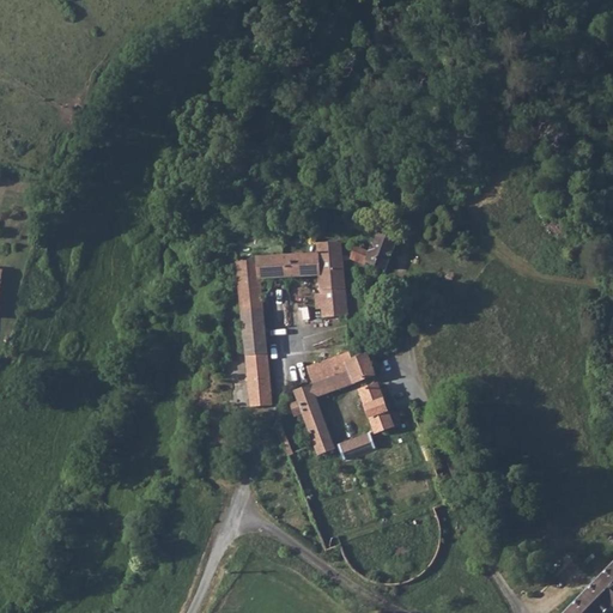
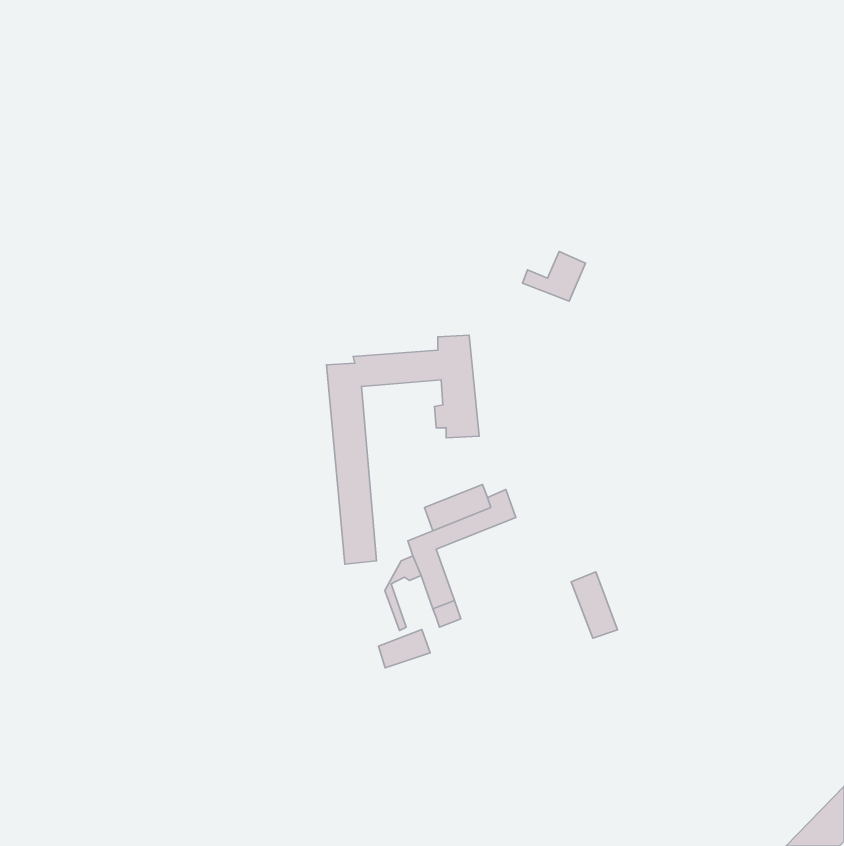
building: [350,232,395,268] -> [523,251,586,301]
building: [359,383,393,431] -> [571,572,618,638]
building: [338,431,375,459] -> [379,630,430,668]

